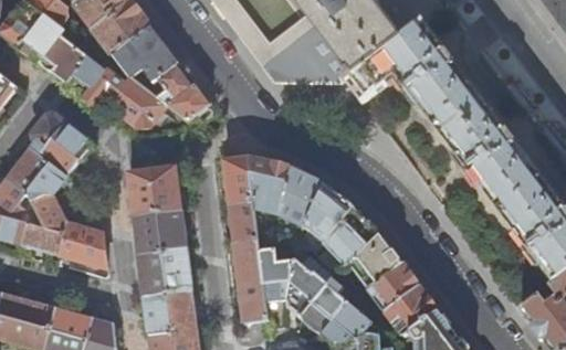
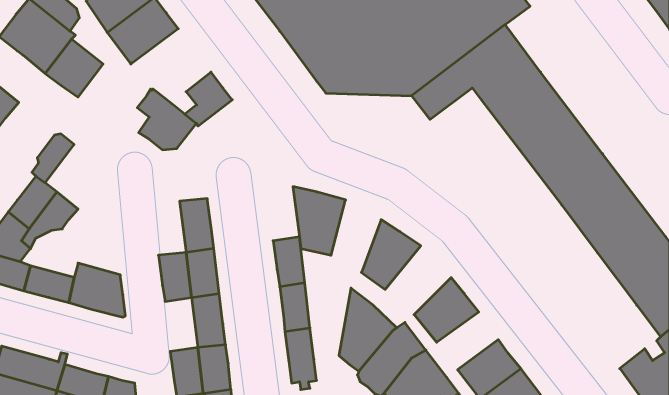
building: [112,25,178,83] -> none
building: [66,55,124,106] -> none
building: [167,85,213,124] -> none
building: [39,123,92,177] -> none
building: [224,158,252,203] -> none
building: [279,169,321,230] -> none
building: [129,170,157,215] -> none
building: [18,193,66,234] -> none
building: [323,208,379,268] -> none
building: [256,236,295,303] -> none
building: [139,251,167,296] -> none
building: [367,263,419,311] -> none

